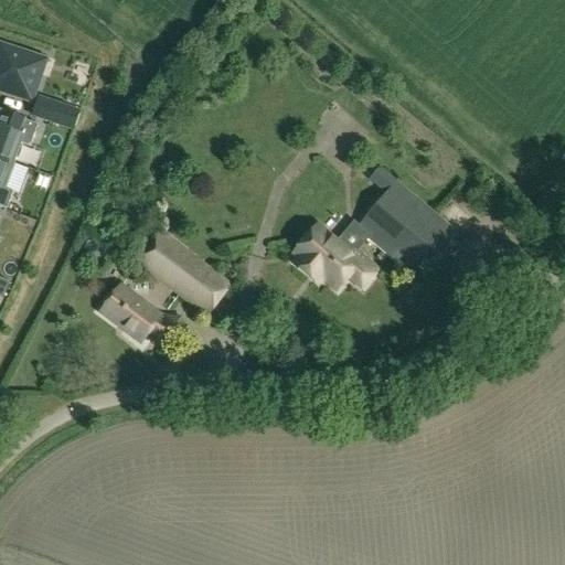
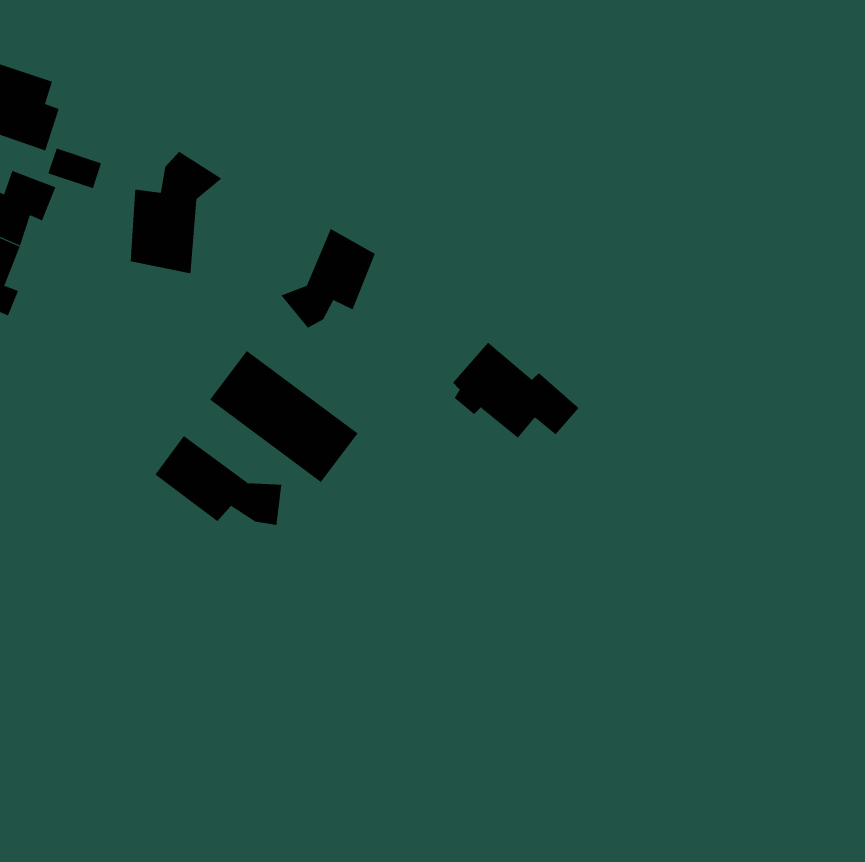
building: none -> [130,151,223,274]
building: none -> [281,228,376,328]
building: [355,179,458,278] -> none

